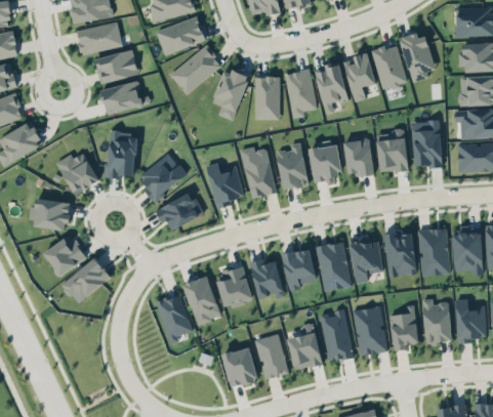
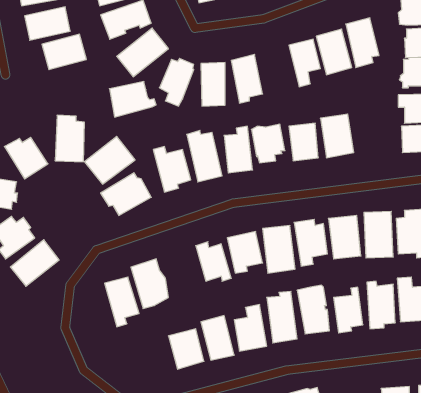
building: [316,66,347,116] -> none
building: [99,79,147,115] -> [109,82,156,117]
building: [410,118,442,168] -> none
building: [214,267,252,308] -> none

